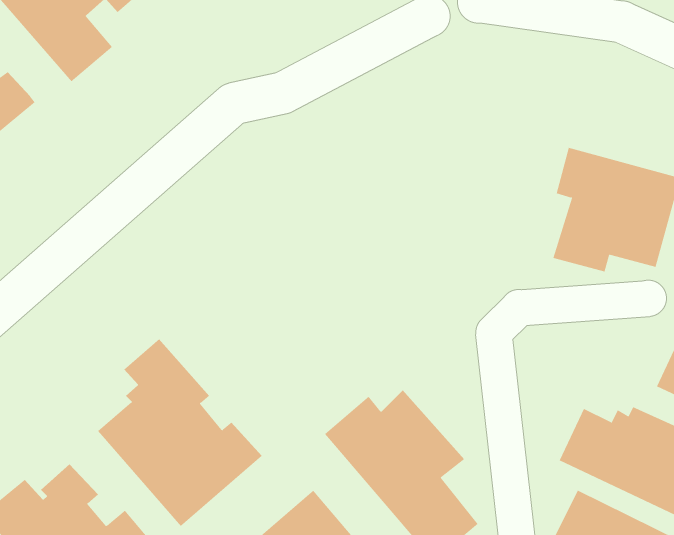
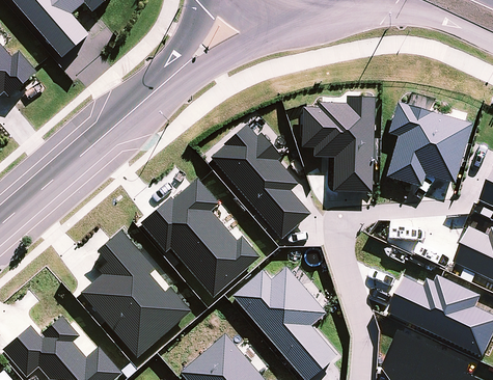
building: none -> [300,97,375,192]
building: none -> [210,125,309,239]
building: none -> [139,179,258,297]

